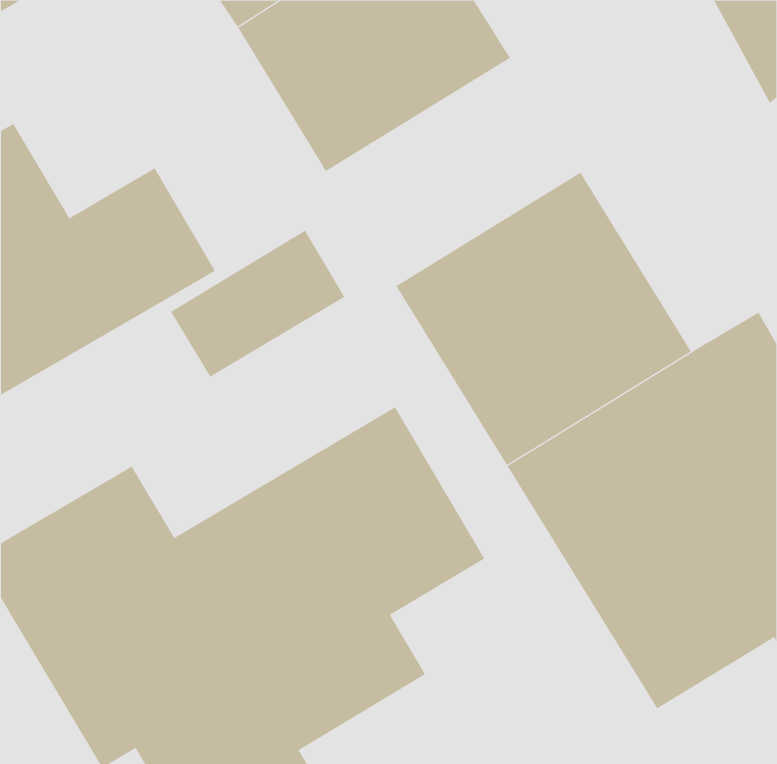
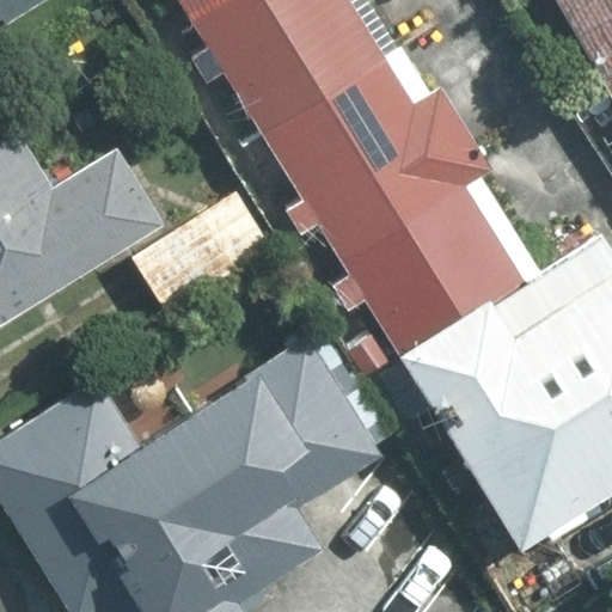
building: none -> [256,56,457,235]

